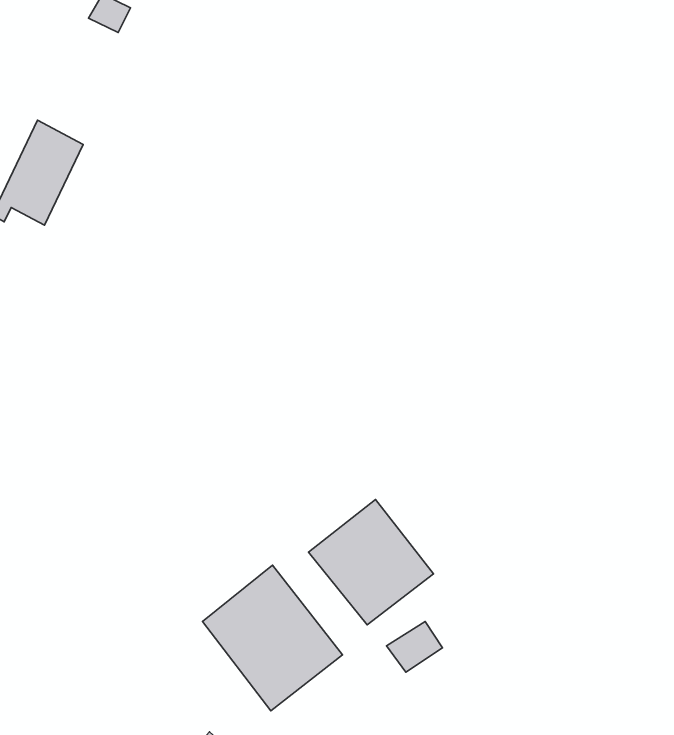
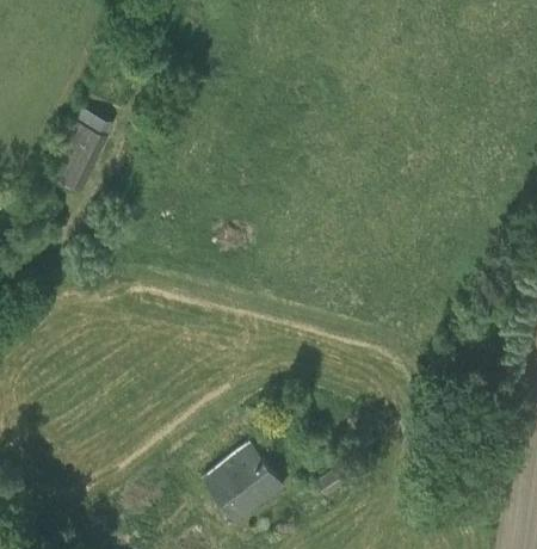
building: [309,500,434,625] -> none

